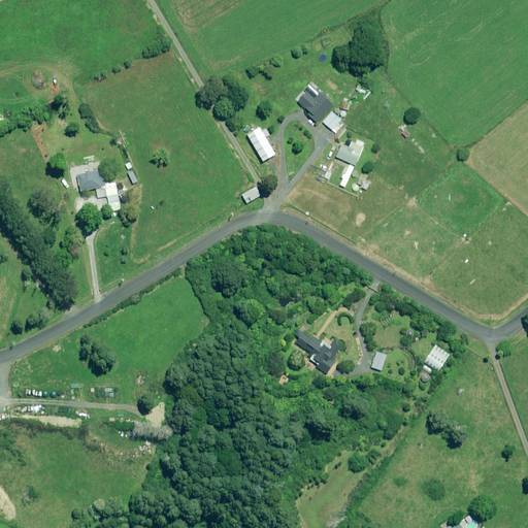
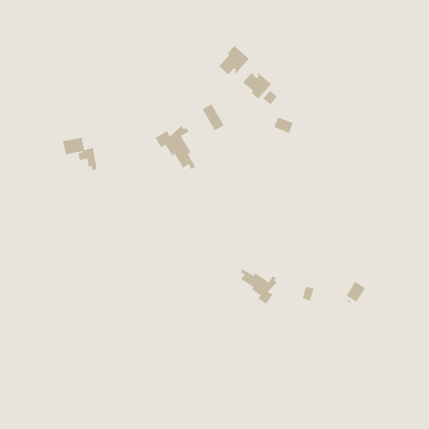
building: none -> [218,45,250,75]
building: none -> [155,126,196,170]

